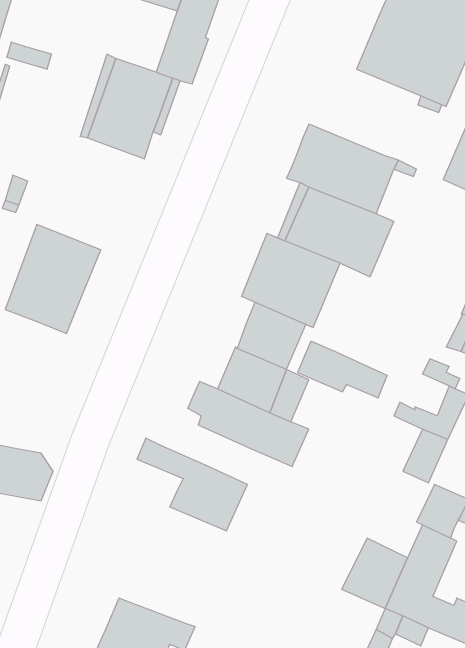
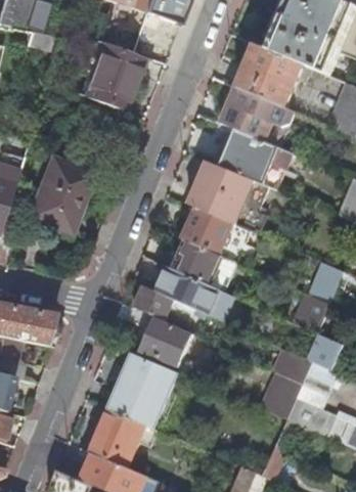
building: none -> [237,43,304,107]
building: [298,341,387,398] -> [133,284,194,323]
building: none -> [104,350,177,429]

